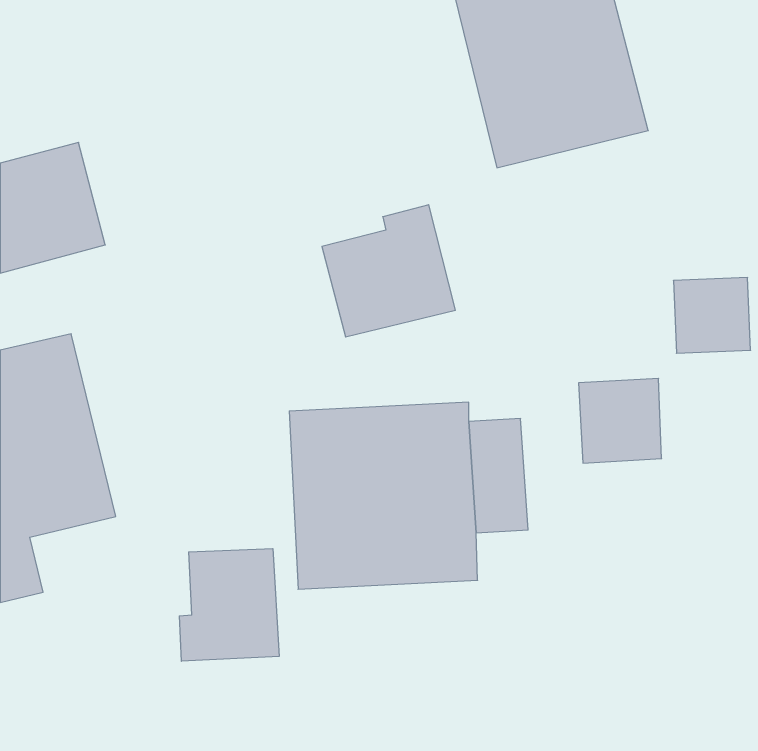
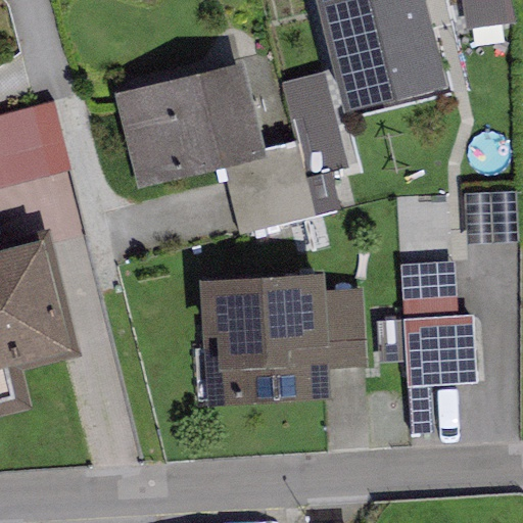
building: none -> [114,63,266,189]
building: none -> [281,69,347,175]
building: none -> [401,315,475,386]
building: [179,549,279,661] -> none

